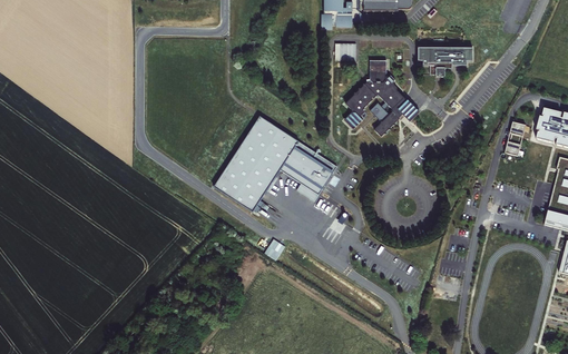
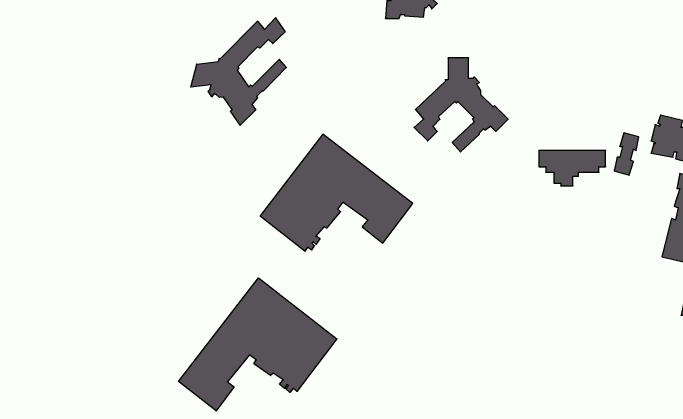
building: none -> [191,18,286,125]
building: [418,45,472,73] -> [539,150,606,186]
building: none -> [179,278,337,411]

